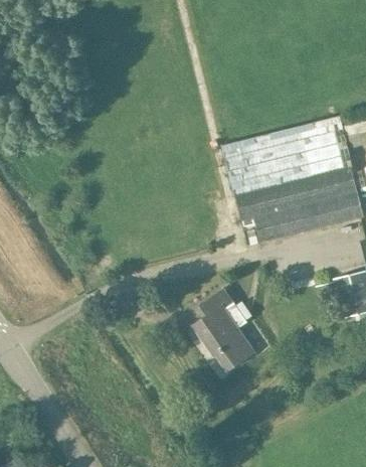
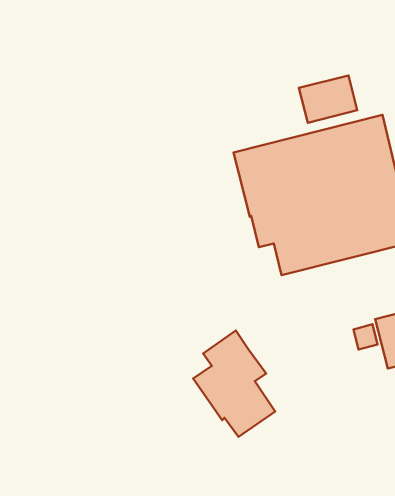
building: none -> [299,75,357,123]

